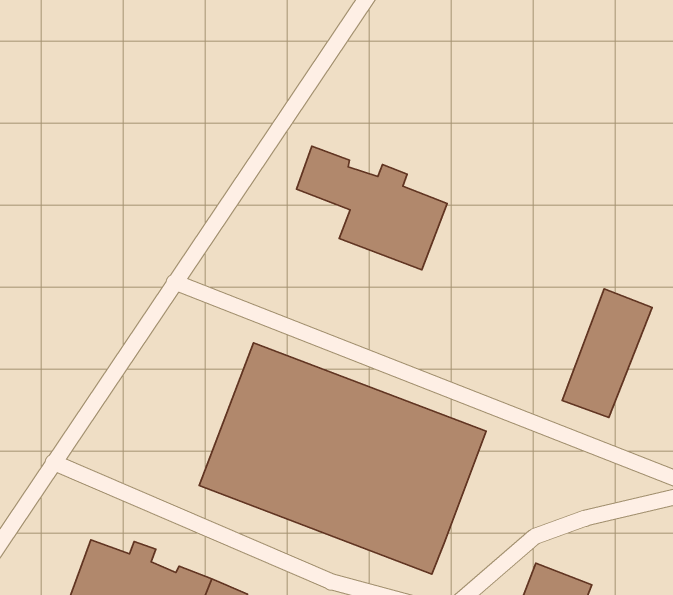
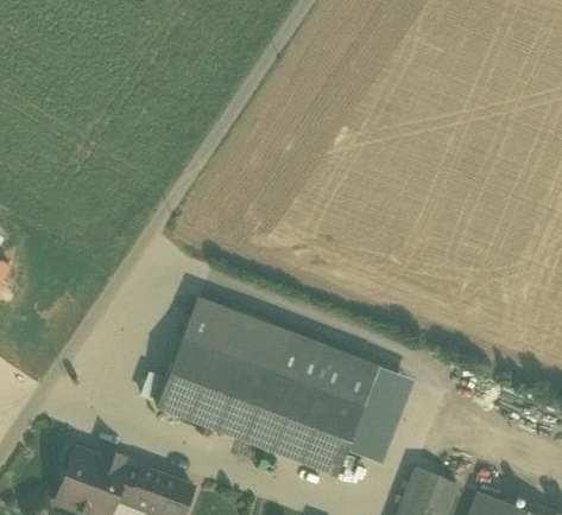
building: [297,146,447,270] -> none
building: [562,289,652,418] -> [345,367,413,465]

